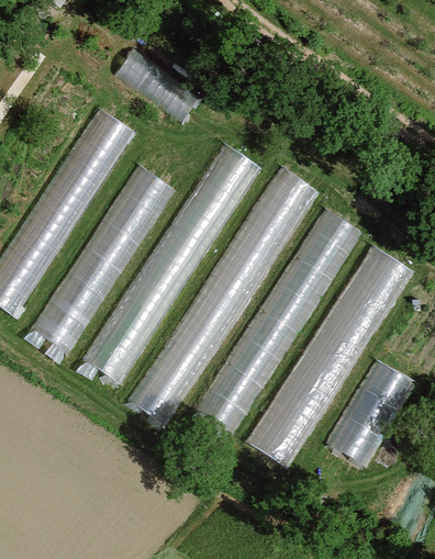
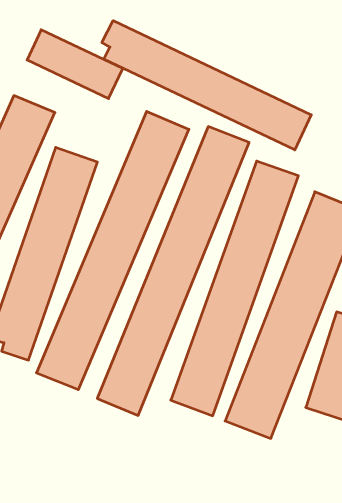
building: none -> [102,21,311,150]

